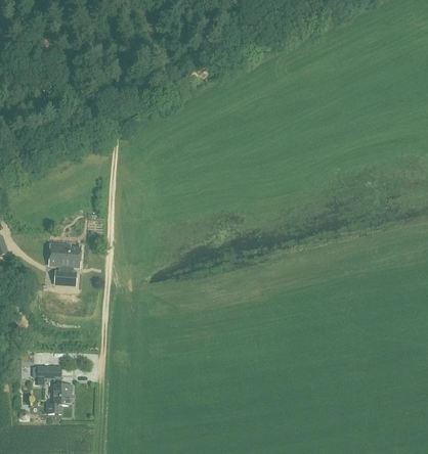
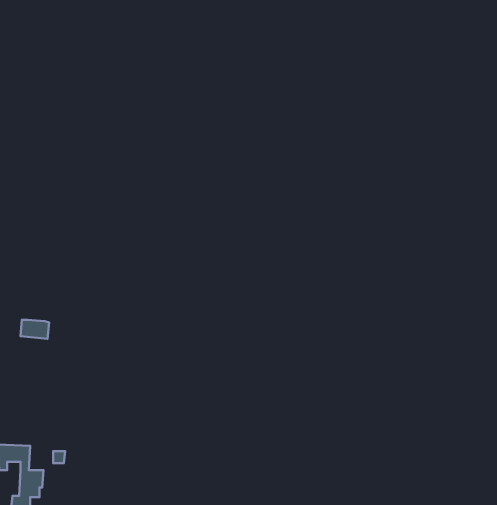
building: [47,243,79,270] -> none

